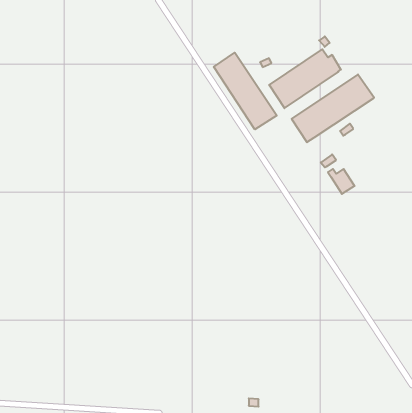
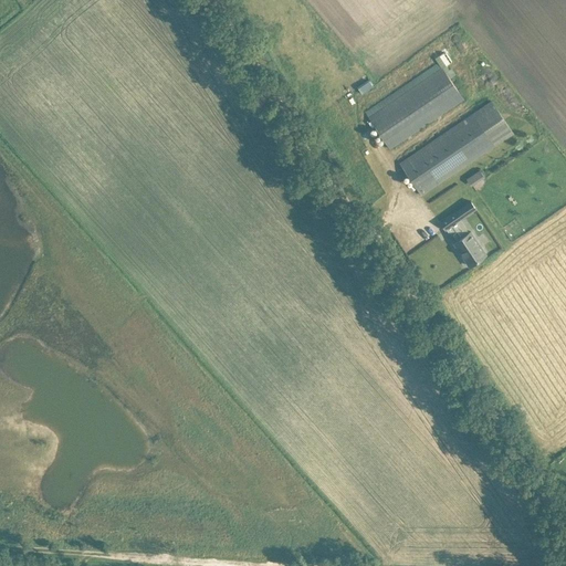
building: [214,53,277,129] -> none

